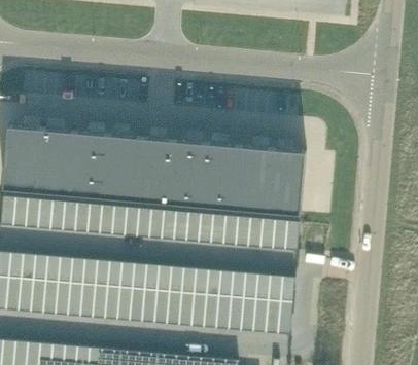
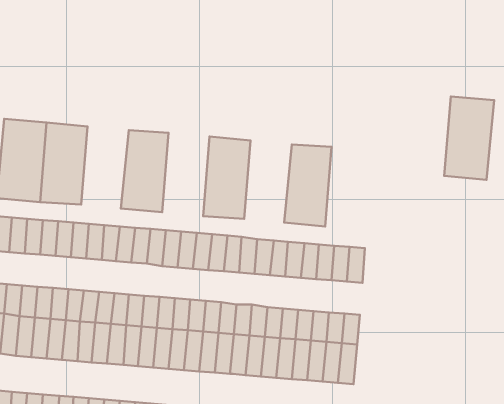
building: [70,129,108,194] -> none
building: [135,134,173,200] -> none
building: [201,140,239,206] -> none
building: [266,145,306,212] -> [444,96,494,180]

